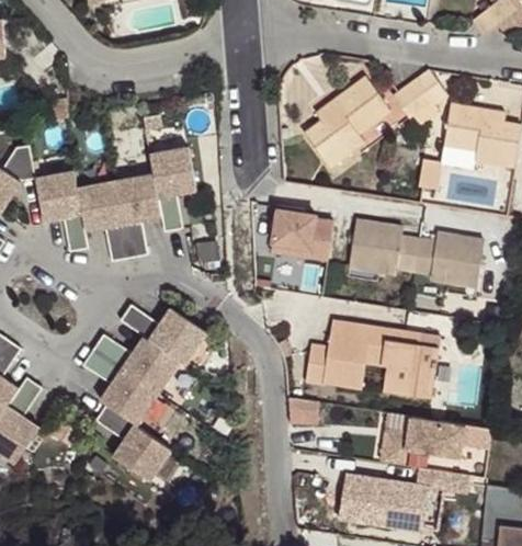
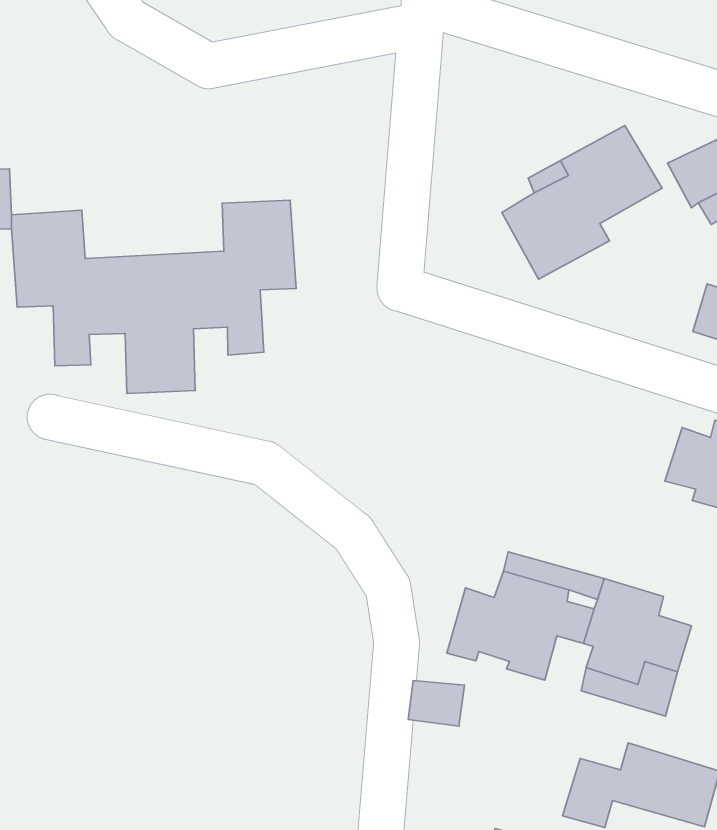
building: [262,205,332,258] -> none
building: [349,219,419,273] -> none
building: [82,304,207,478] -> none

